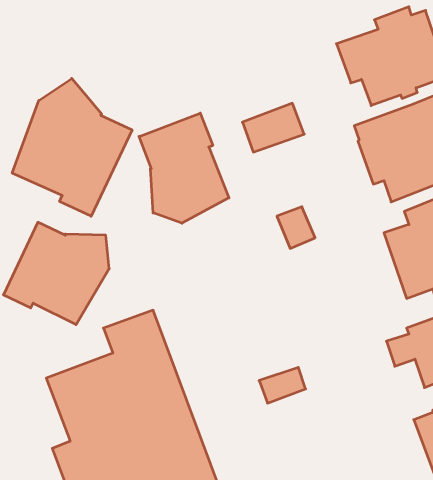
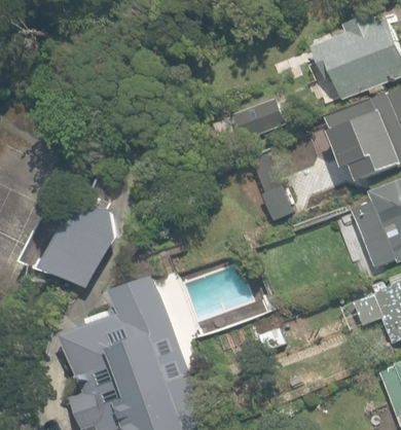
building: [12,78,132,216] -> none
building: [139,113,229,223] -> none

